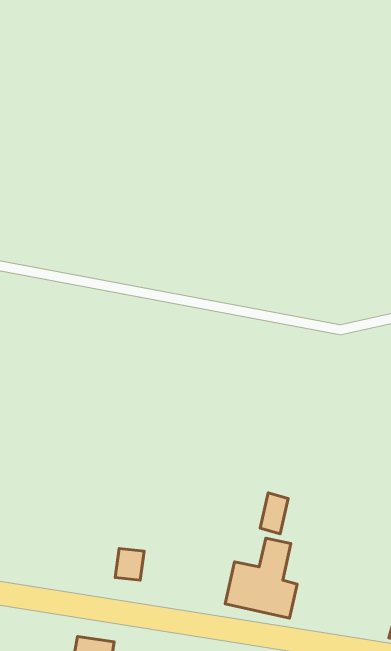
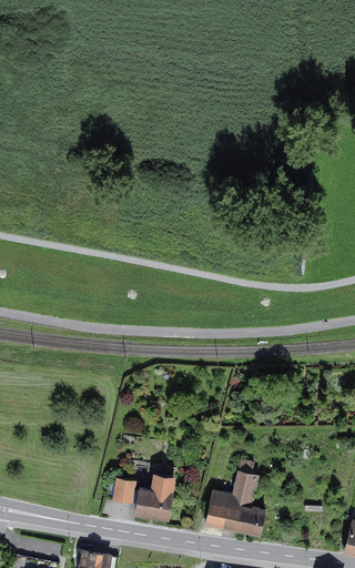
building: [260,493,288,534] -> none
building: none -> [133,469,175,519]

